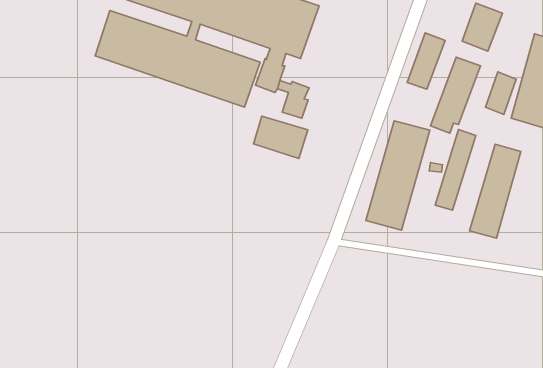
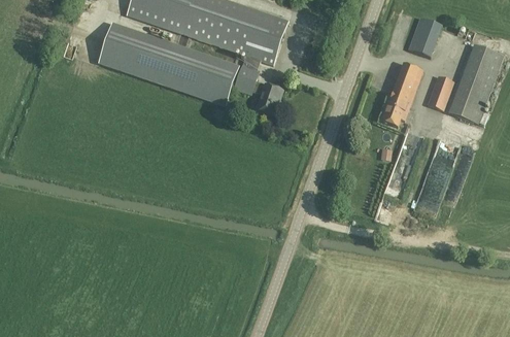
building: [407,33,445,89] -> none
building: [254,116,308,158] -> none
building: [366,121,430,230] -> none

